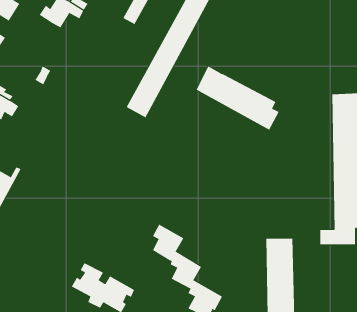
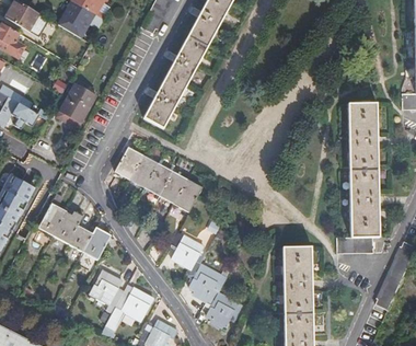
building: [196,66,280,131] -> [115,147,198,211]
building: none -> [61,84,95,125]
building: none -> [39,204,112,260]

